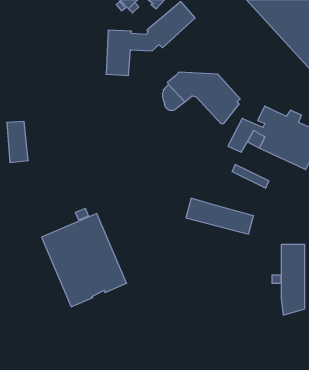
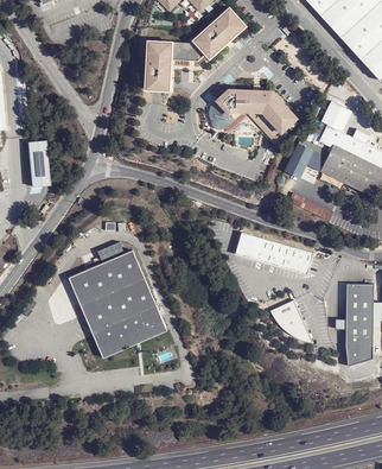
building: none -> [321,101,352,132]
building: none -> [270,303,313,344]

